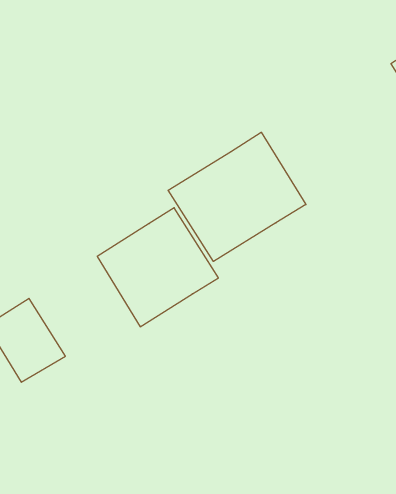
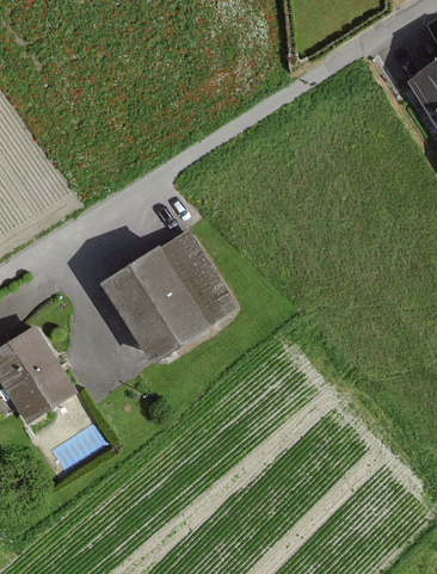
building: [168,132,306,261] -> none

